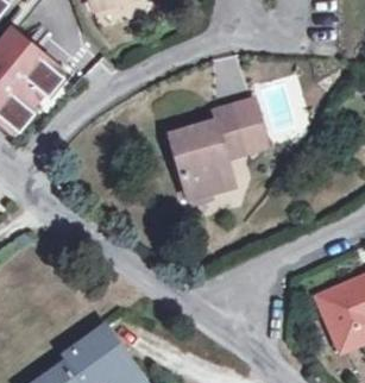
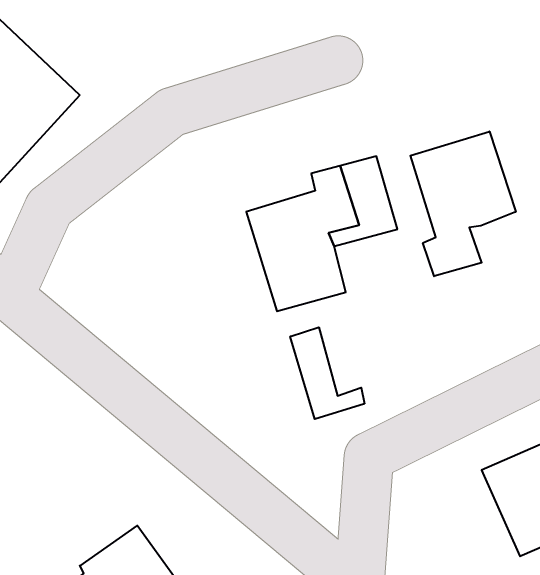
building: none -> [410,131,516,276]
building: none -> [290,327,364,419]

